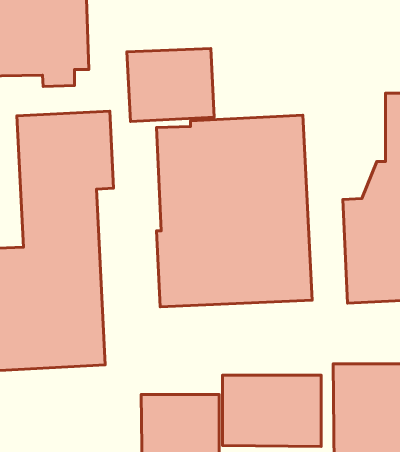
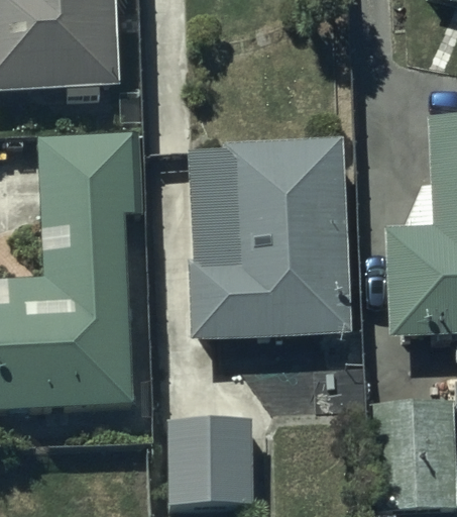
building: [127,48,214,122] -> none
building: [223,375,321,446] -> none

